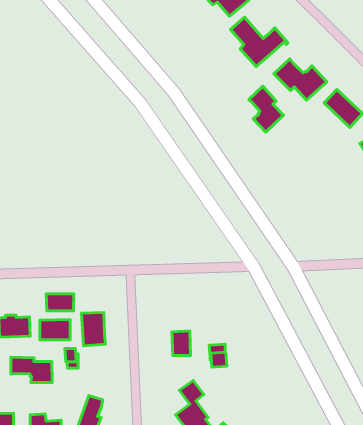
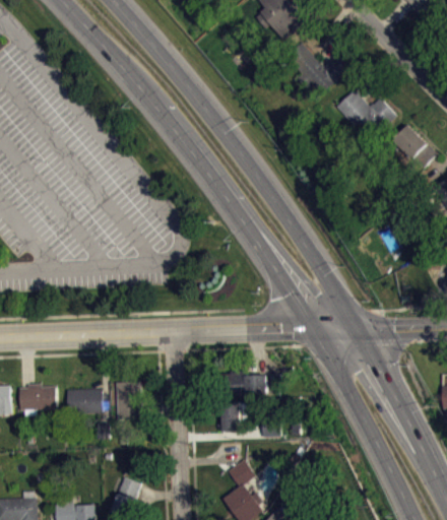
building: [249,86,283,132] -> none
building: [46,294,74,311] -> none
building: none -> [216,371,266,394]
building: [11,357,52,383] -> none

